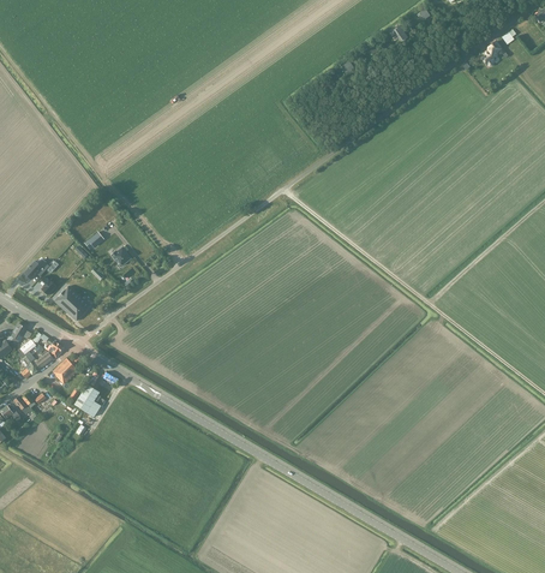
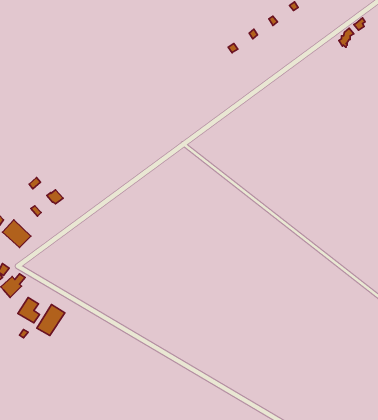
building: none -> [37,305,65,336]

